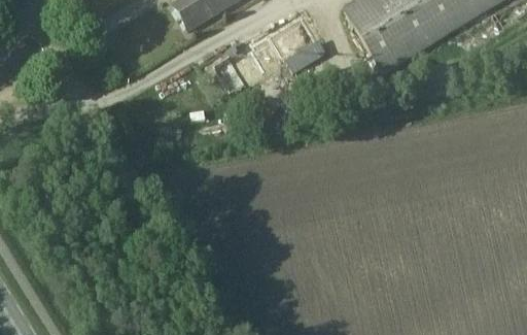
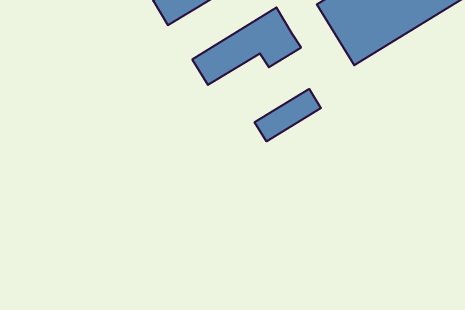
building: none -> [255,89,321,141]

